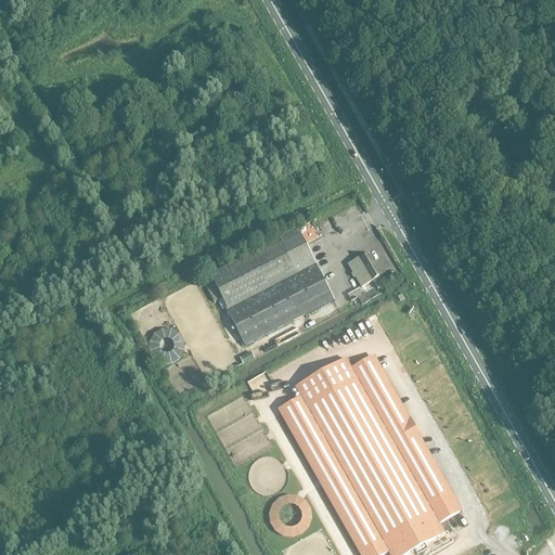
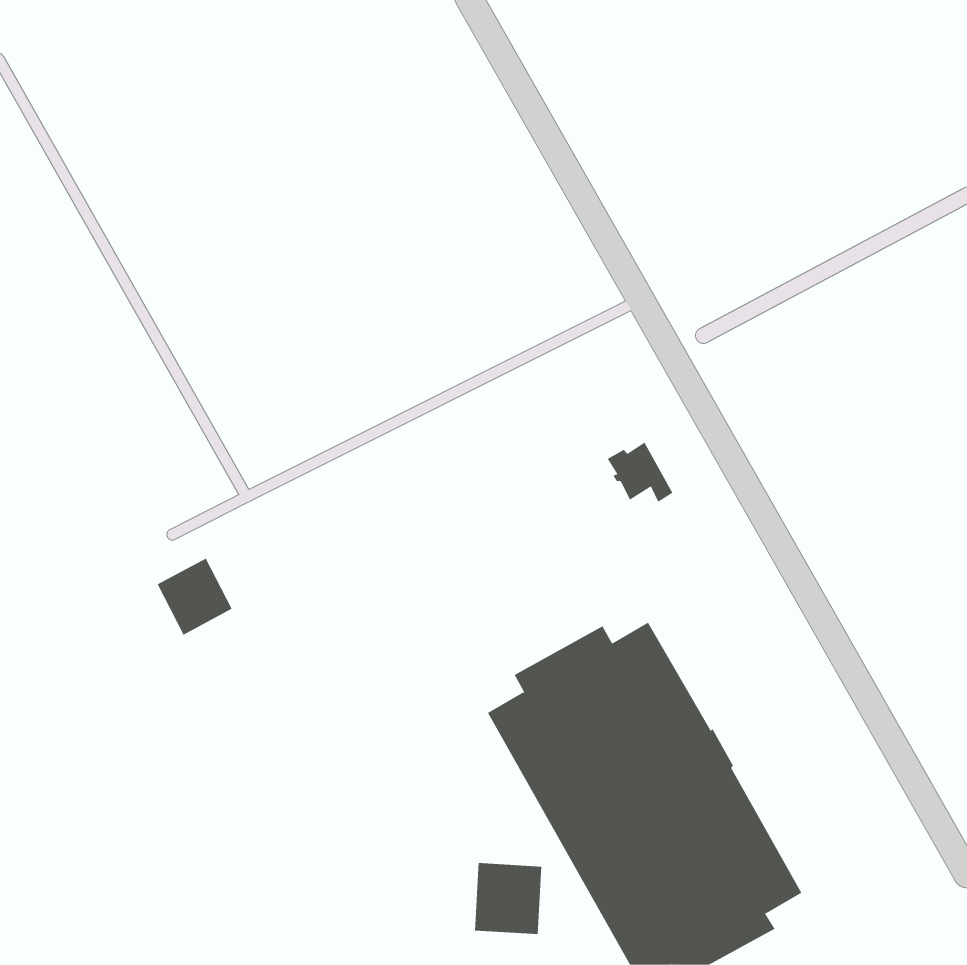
building: [207,228,333,345] -> none
building: [145,322,189,366] -> [157,558,233,635]

